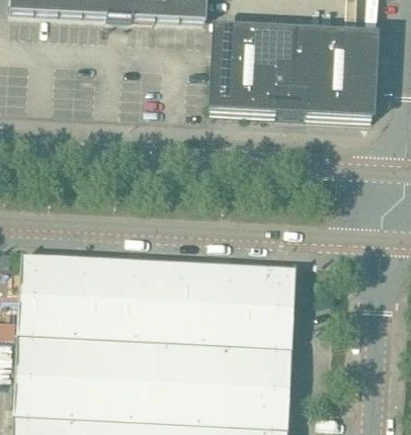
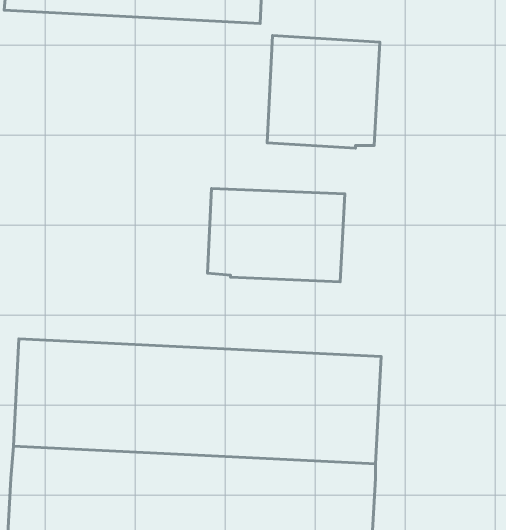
building: [291,34,376,118] -> none
building: none -> [207,188,345,282]

